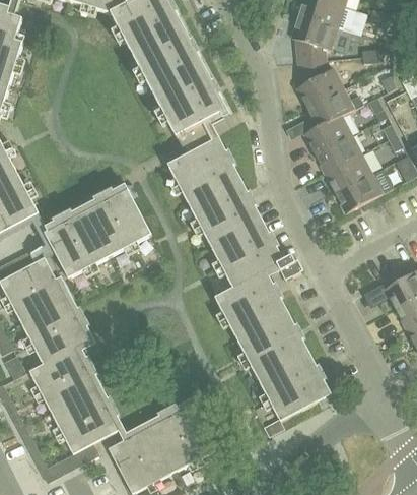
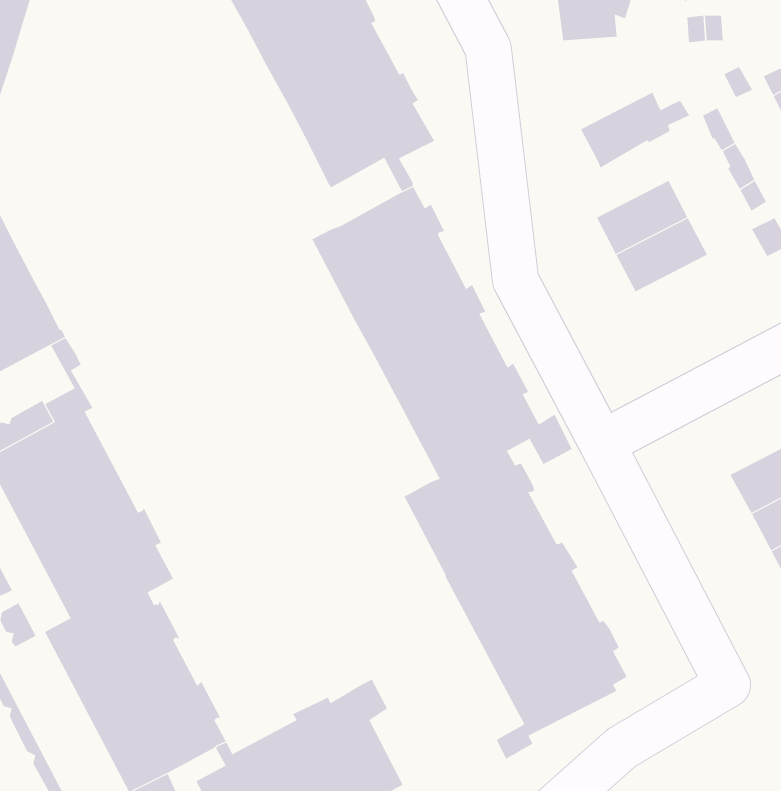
building: [295,60,343,108] -> none
building: [302,114,351,153] -> none
building: [334,173,381,212] -> none
building: [43,182,150,279] -> none

